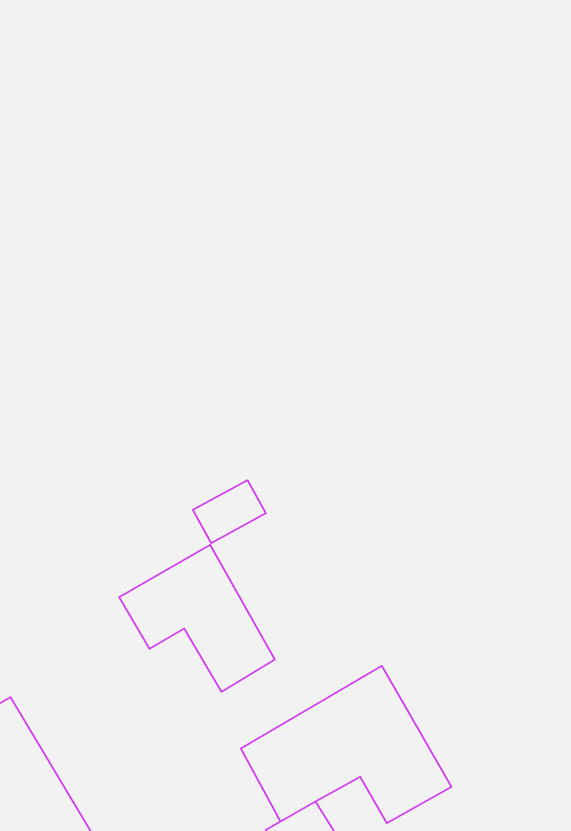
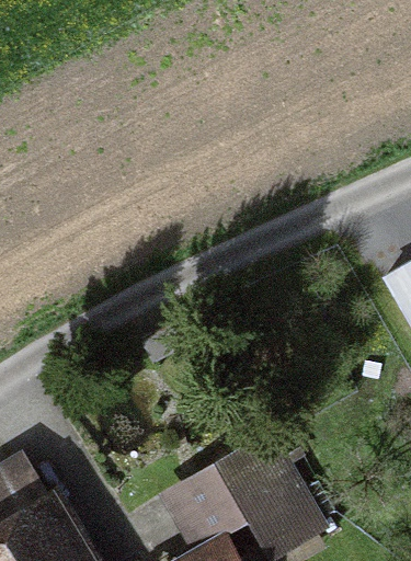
building: [119,545,275,692] -> none

